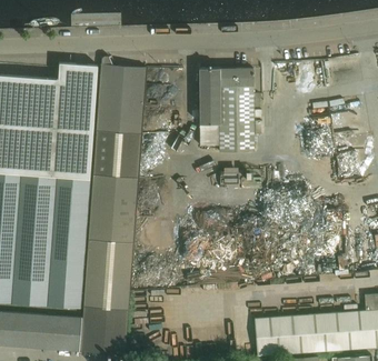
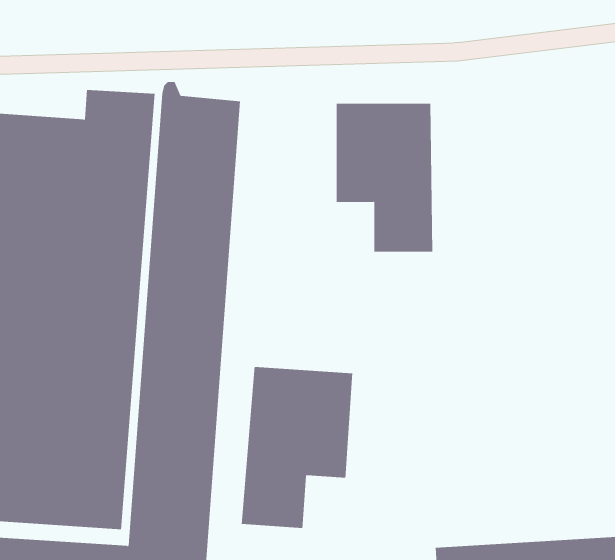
building: none -> [241,366,353,529]

